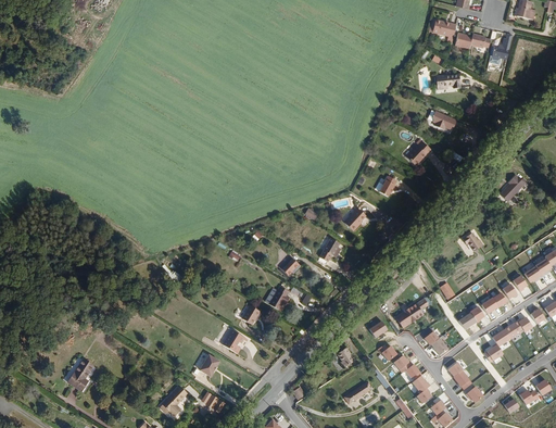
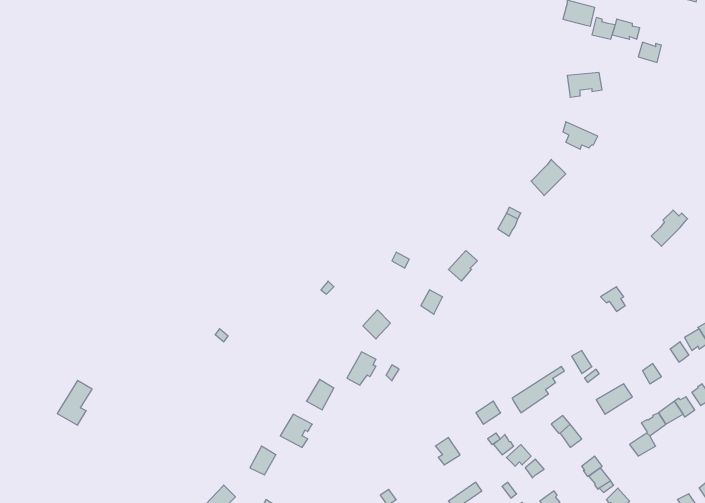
building: [65,357,91,391] -> [57,380,92,425]

